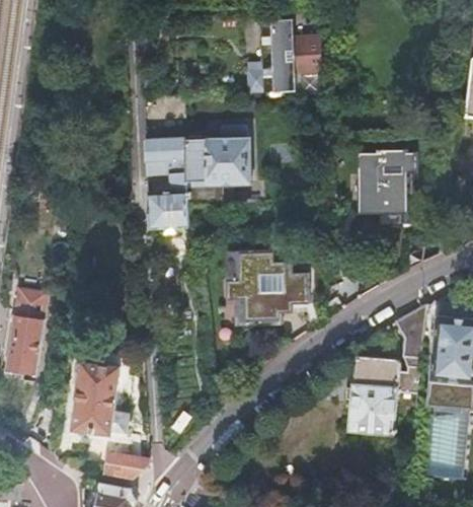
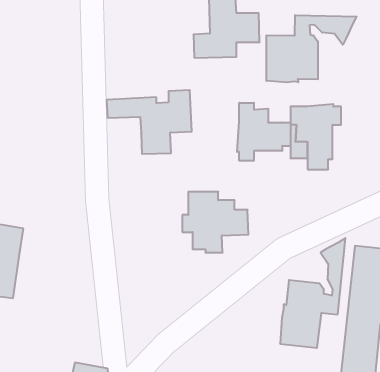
building: none -> [266,15,357,82]
building: none -> [237,103,290,161]
building: [145,162,186,228] -> none
building: [69,363,127,437] -> none

